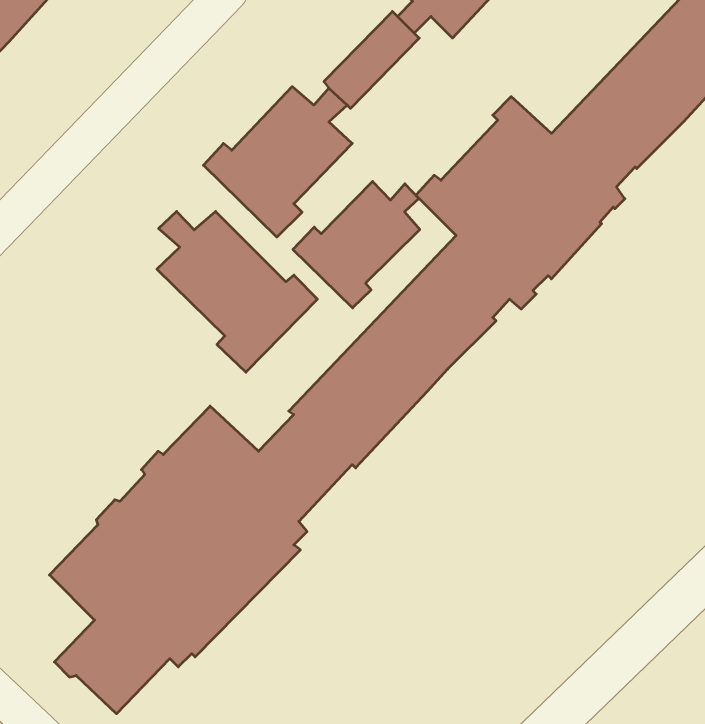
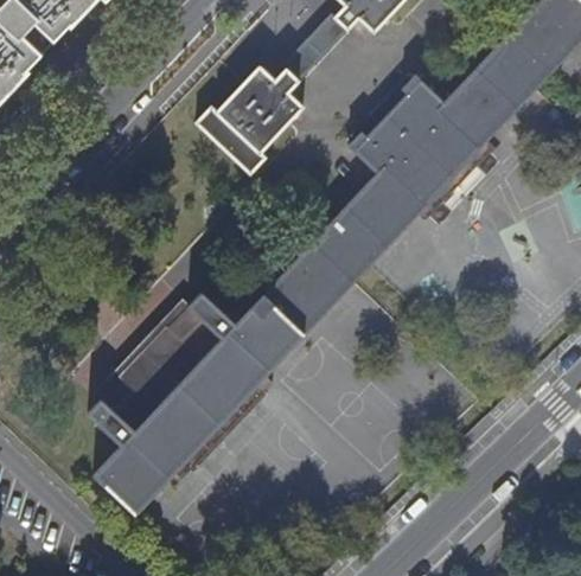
building: [293,181,420,308] -> none
building: [157,211,317,372] -> none

